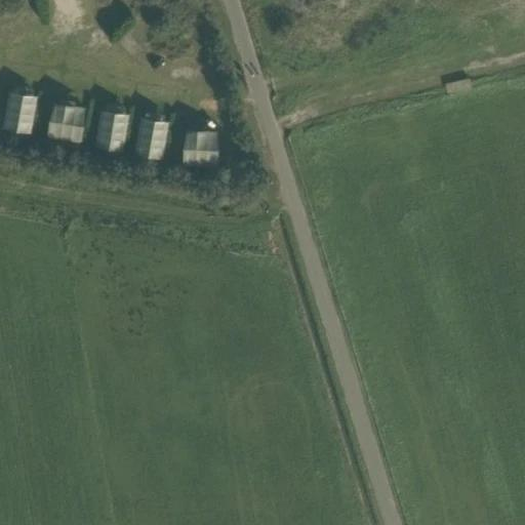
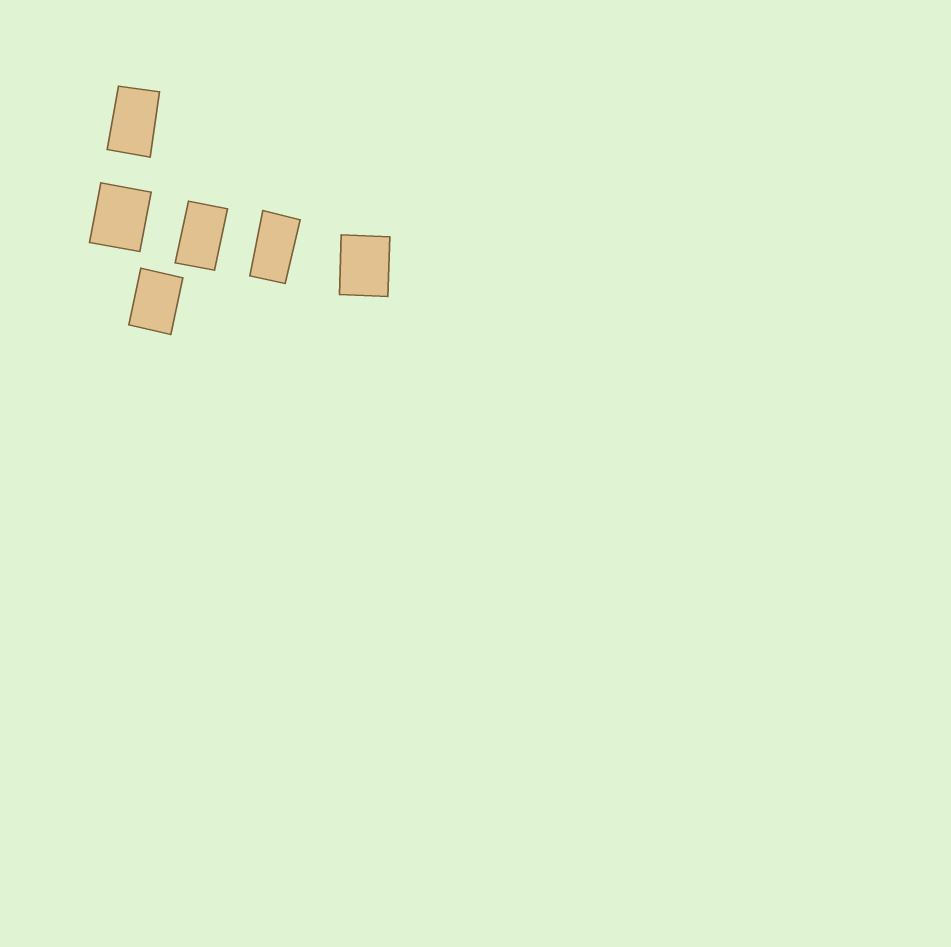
building: [6,94,35,133] -> [107,86,159,157]
building: none -> [129,268,183,335]

